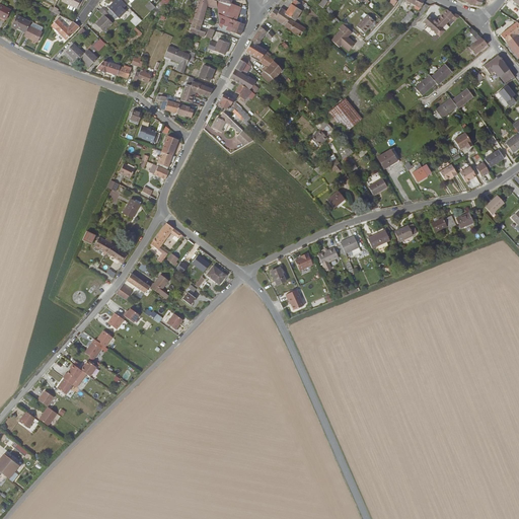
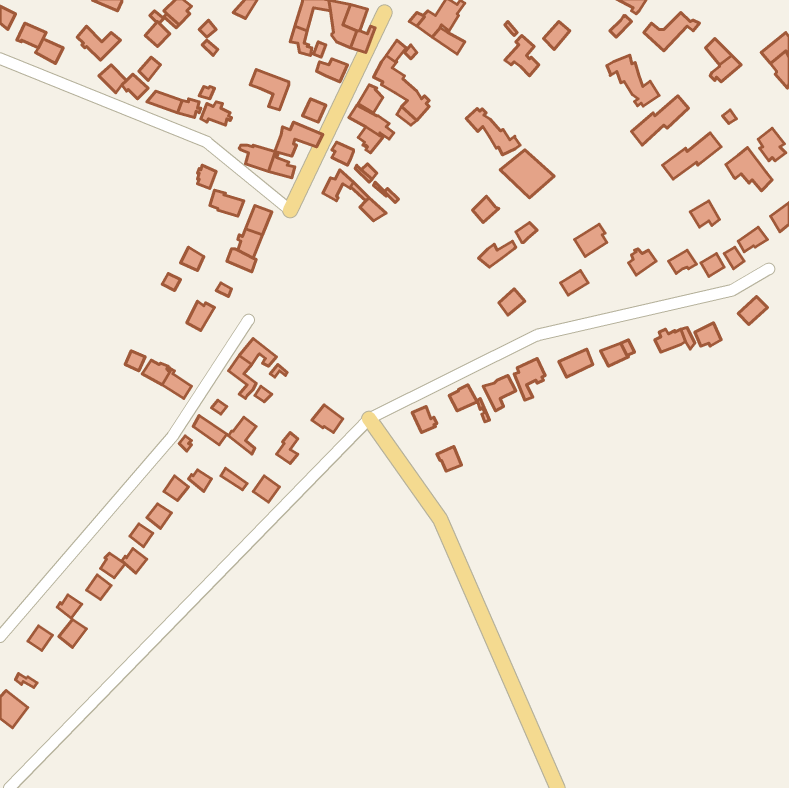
building: none -> [607,55,659,106]
building: [484,54,514,82] -> [726,148,772,191]
building: none -> [466,109,520,155]

